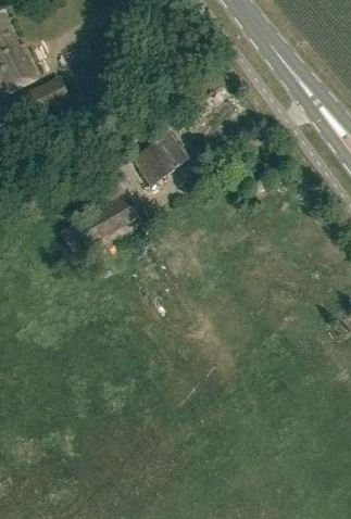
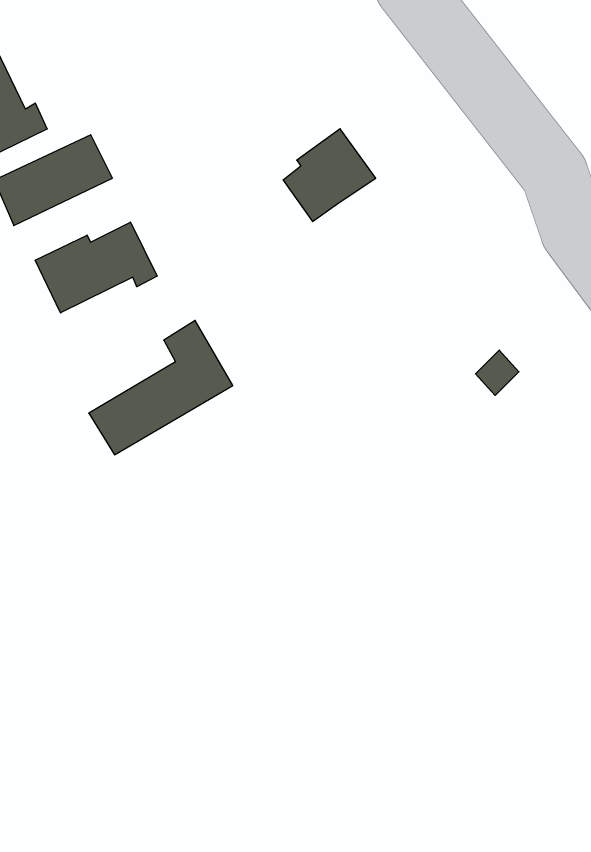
building: none -> [35,222,157,313]
building: [138,131,189,182] -> [283,129,376,221]

